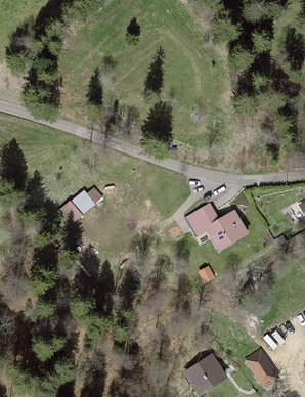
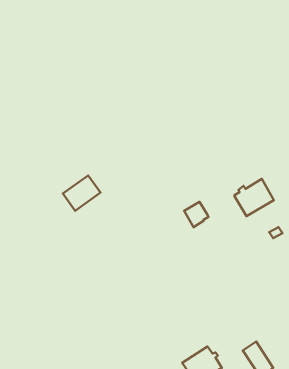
building: [207,211,247,249] -> [235,179,274,216]

